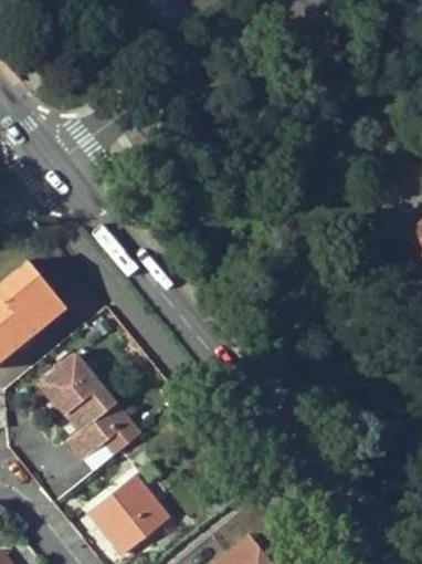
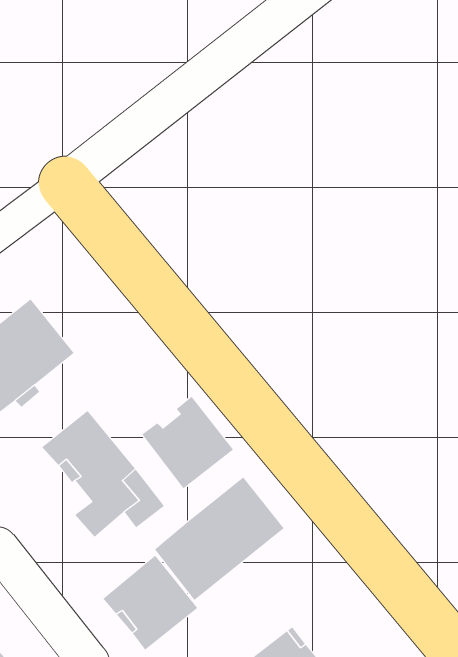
building: none -> [142,396,234,489]
building: none -> [154,477,285,601]

